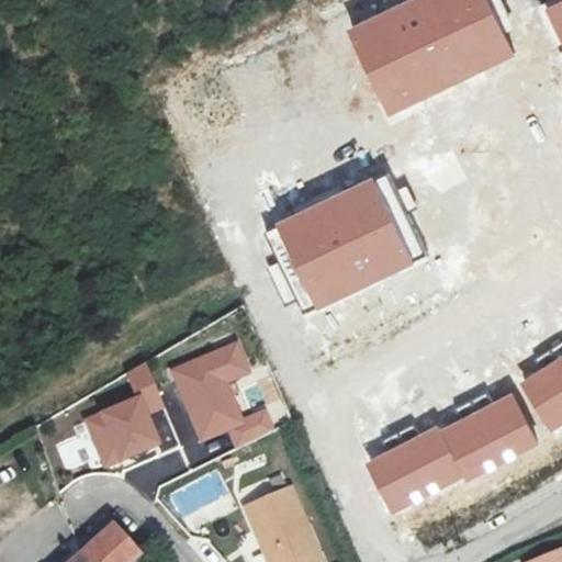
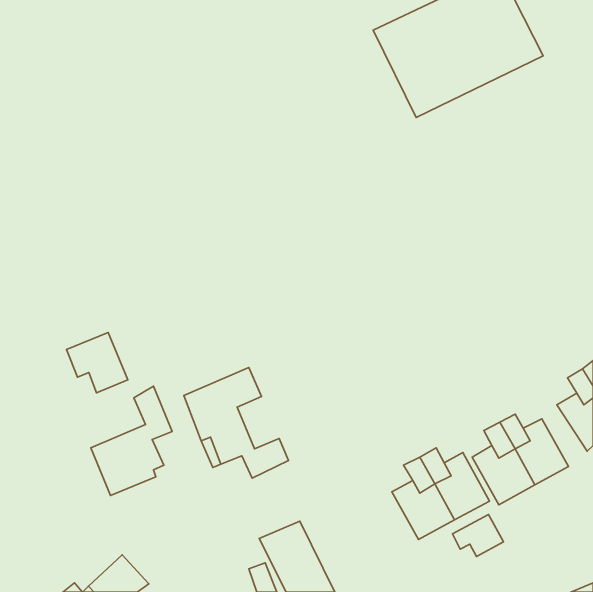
building: [263,173,427,315] -> none
building: none -> [66,333,128,393]
building: none -> [452,515,504,557]

